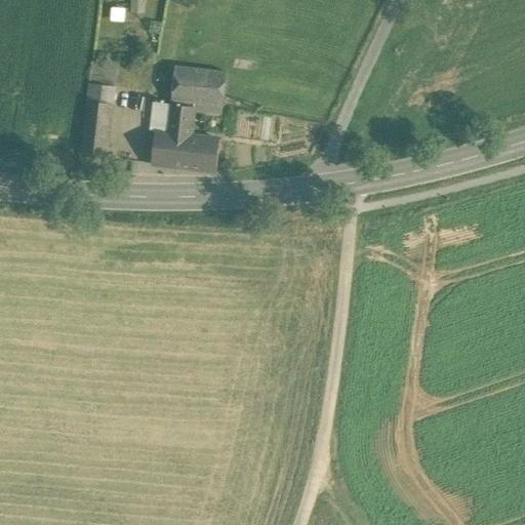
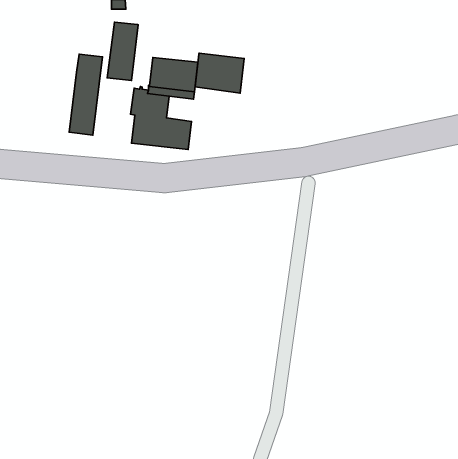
building: none -> [107,22,138,81]
building: none -> [195,53,244,93]

